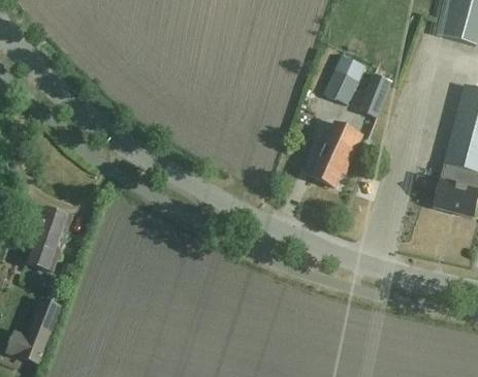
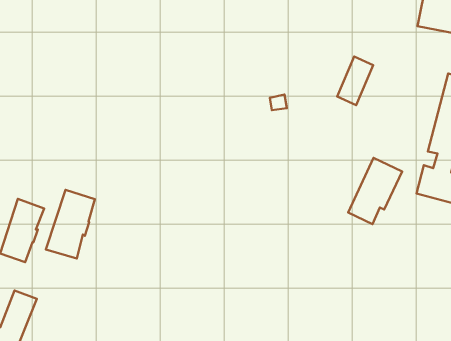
building: [322,53,365,103] -> none
building: [311,120,363,185] -> [348,158,402,224]
building: none -> [46,190,95,259]

